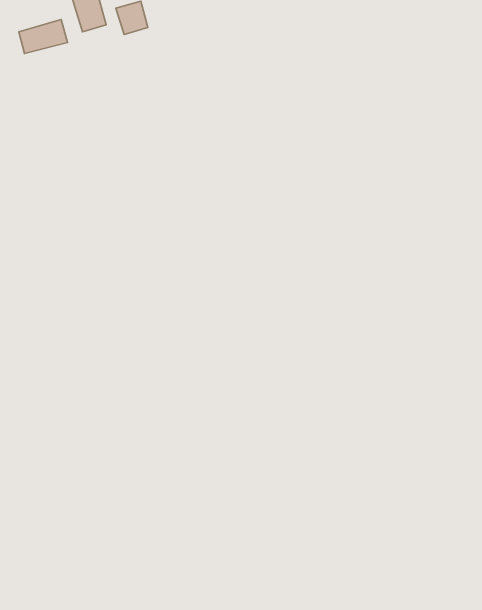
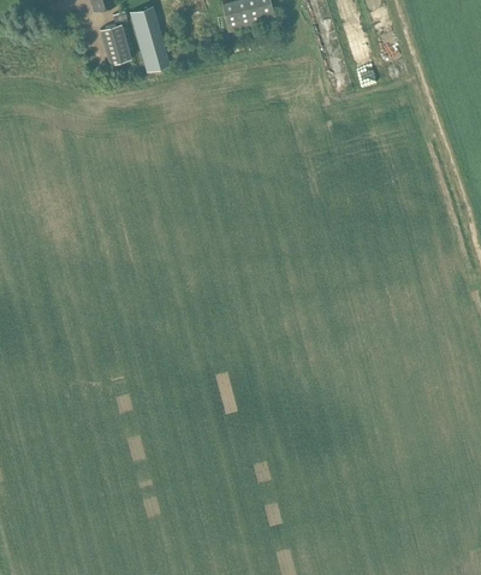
building: [19,20,67,54] -> none

